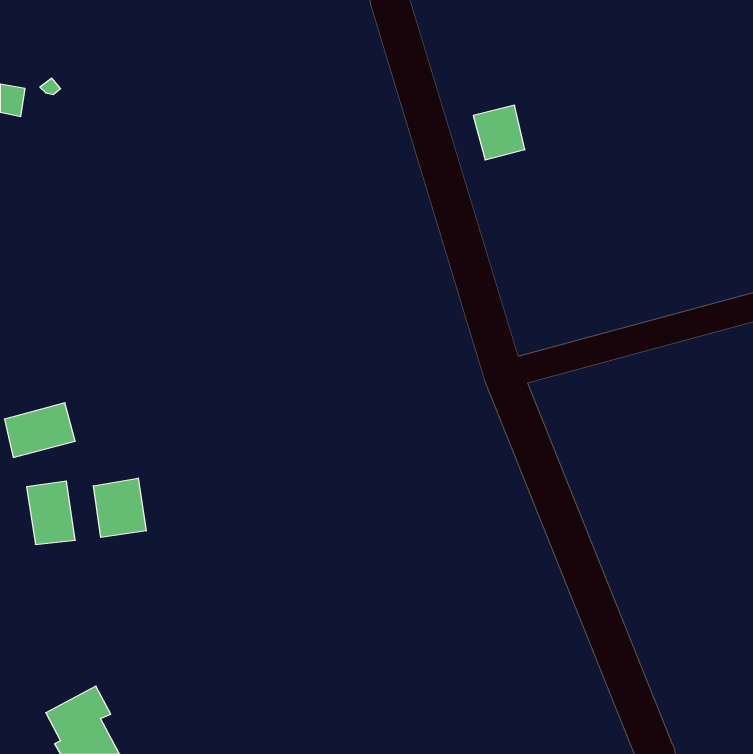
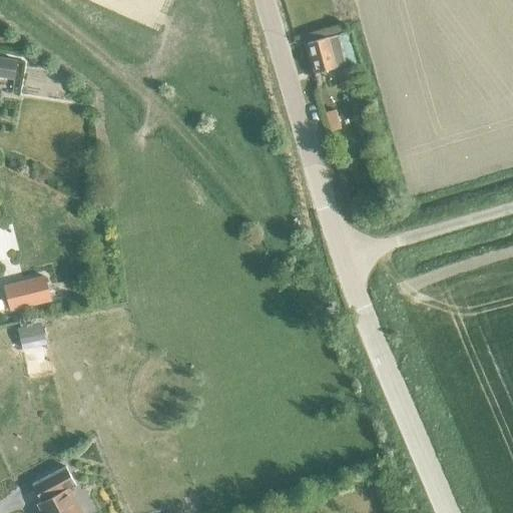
building: [473,105,525,160] -> [308,36,343,73]
building: [93,478,146,537] -> none

